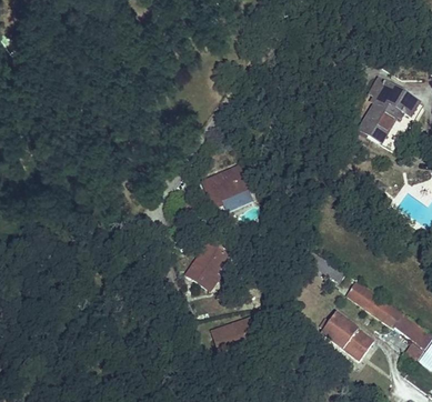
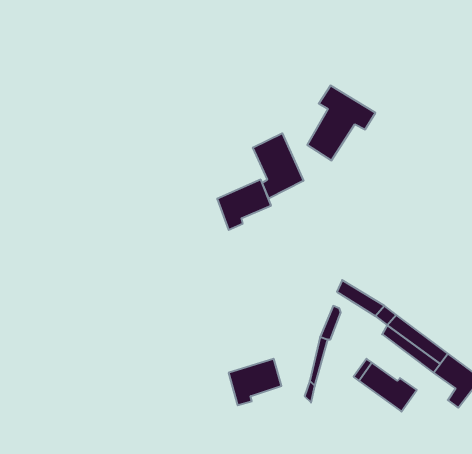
building: [360,78,419,142] -> [307,86,375,160]
building: none -> [253,133,303,198]
building: [189,241,232,289] -> none

